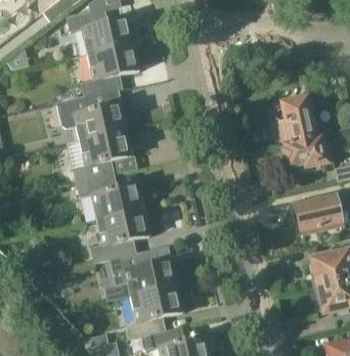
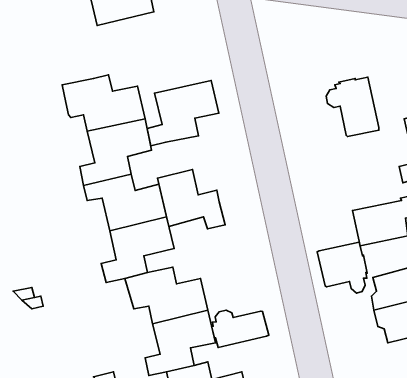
building: [80,42,138,95] -> [147,81,219,146]
building: [281,133,332,166] -> none
building: none -> [157,170,225,229]
building: none -> [317,242,367,293]
building: none -> [212,310,269,347]

